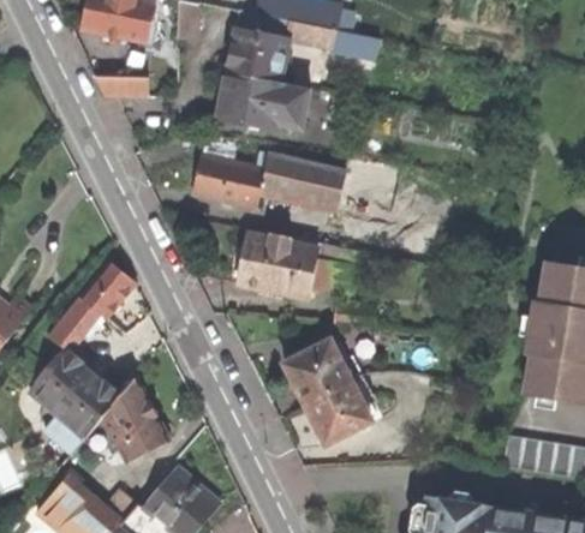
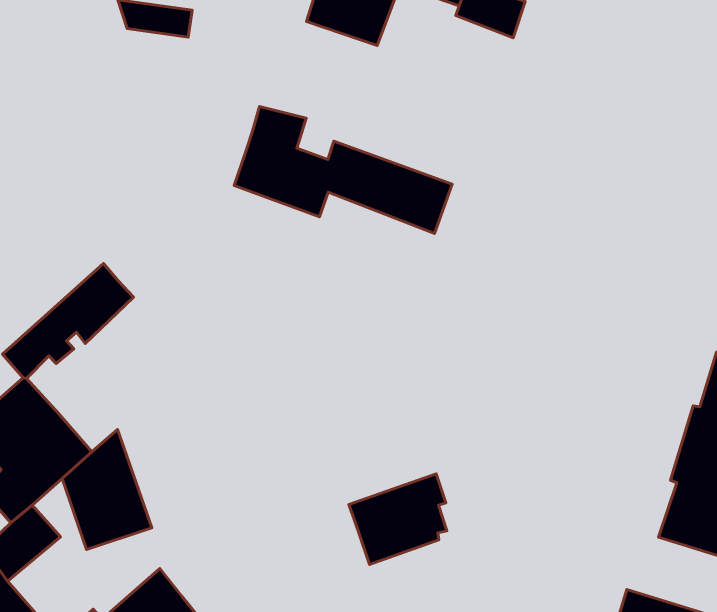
building: [216,73,306,128] -> none
building: [237,233,317,297] -> none
building: [283,340,362,405] -> none

